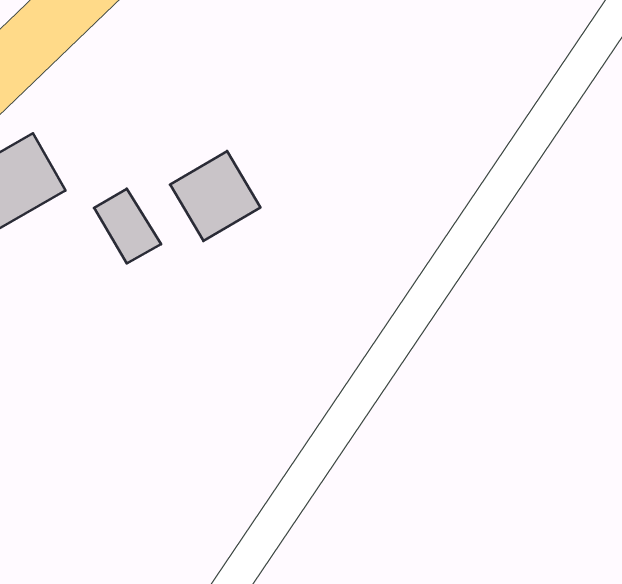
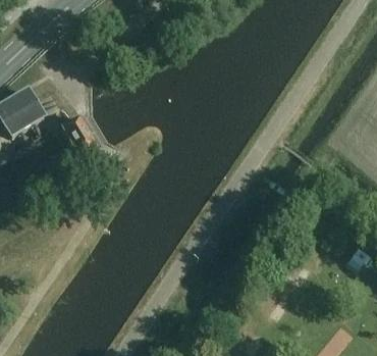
building: [170,151,260,241] -> none

